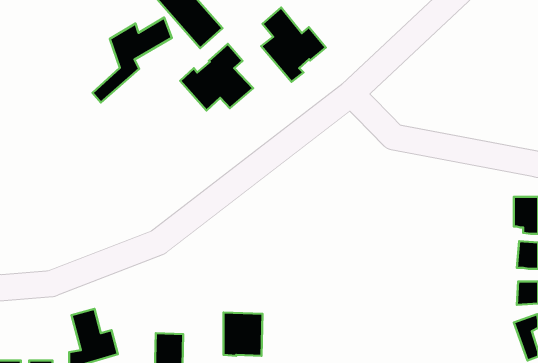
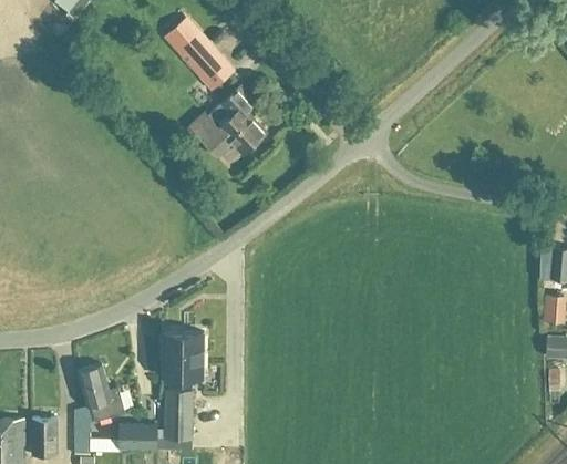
building: [261,8,326,82] -> none
building: [92,18,172,102] -> none
building: [223,313,262,356] -> [163,332,204,378]

